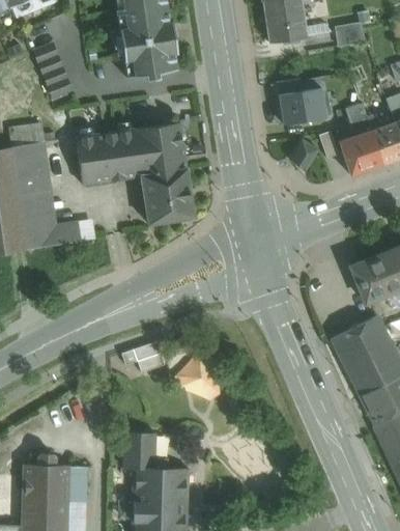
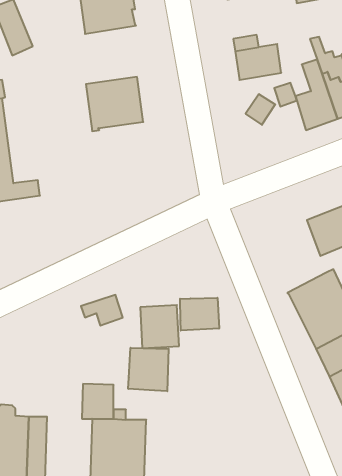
building: [75,129,134,185] -> none
building: [140,167,194,224] -> none
building: none -> [180,298,219,331]
building: none -> [128,348,169,391]

